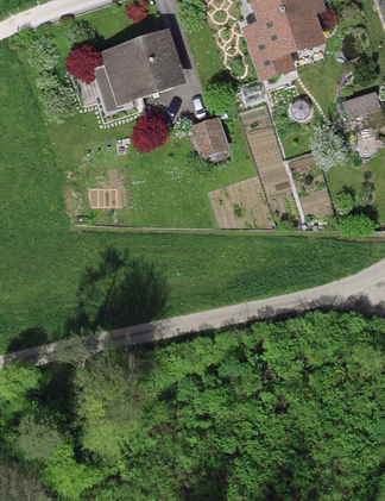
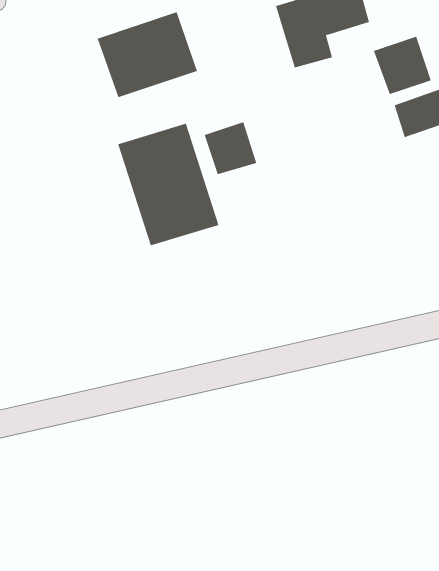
building: none -> [373,36,431,95]
building: none -> [117,123,219,246]

